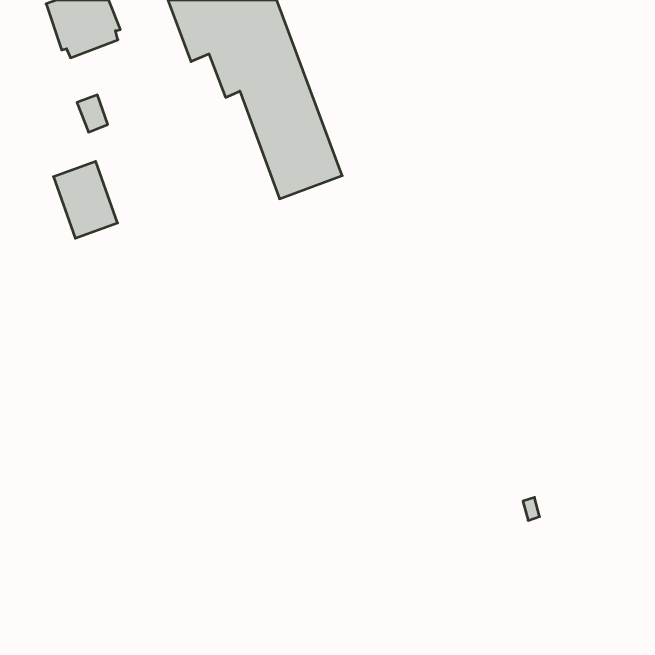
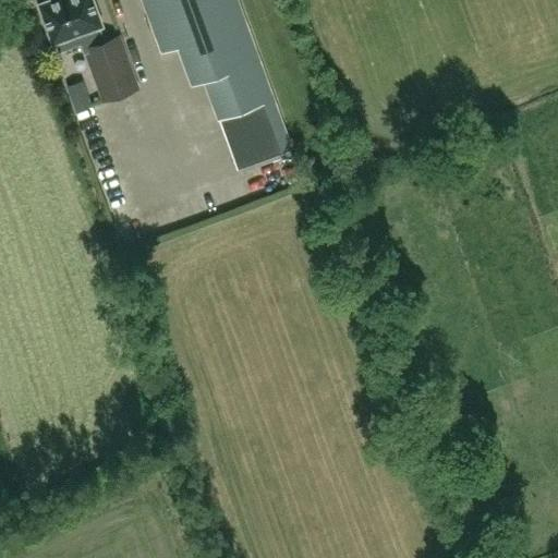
building: [53,161,118,238] -> [84,37,138,102]

